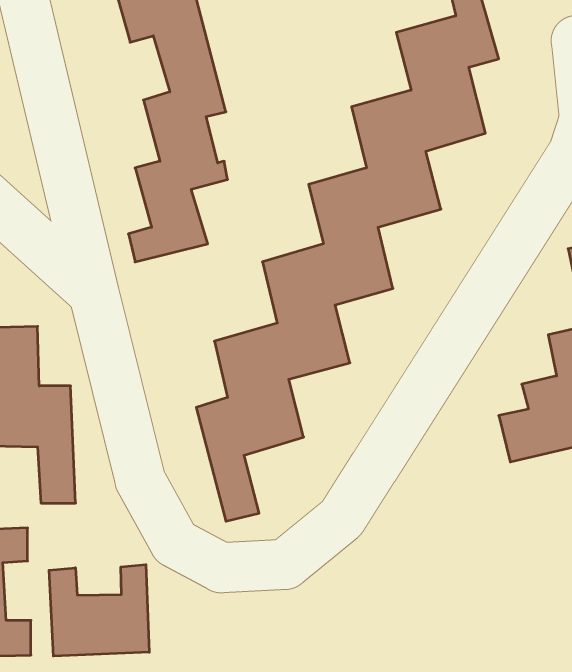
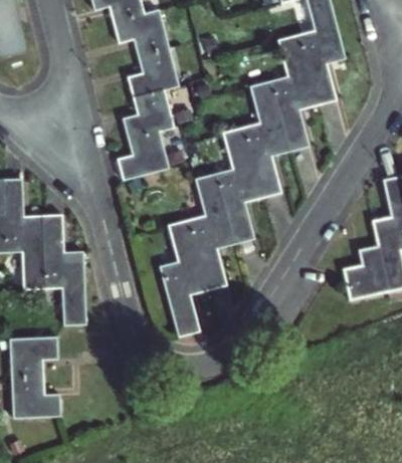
building: [49,565,149,656] -> none

